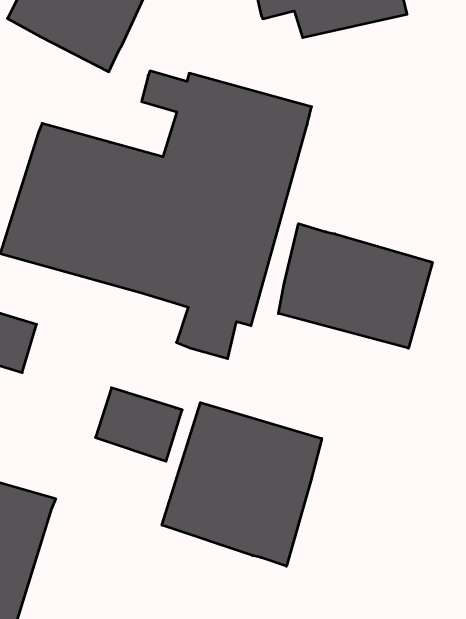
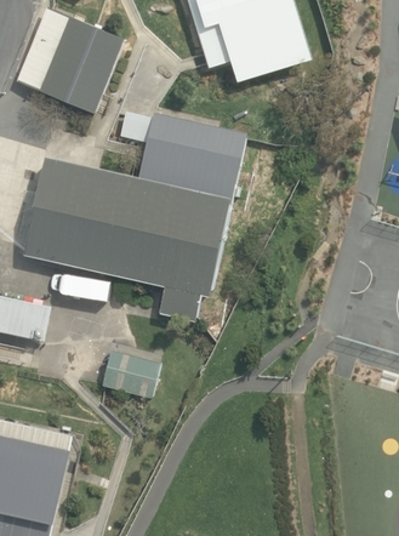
building: [278,224,432,348] -> none
building: [162,403,322,566] -> none

